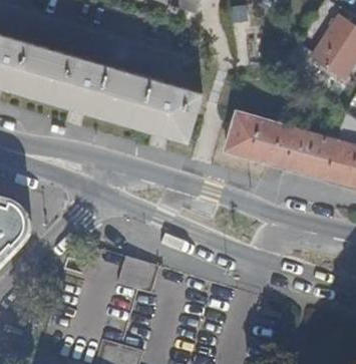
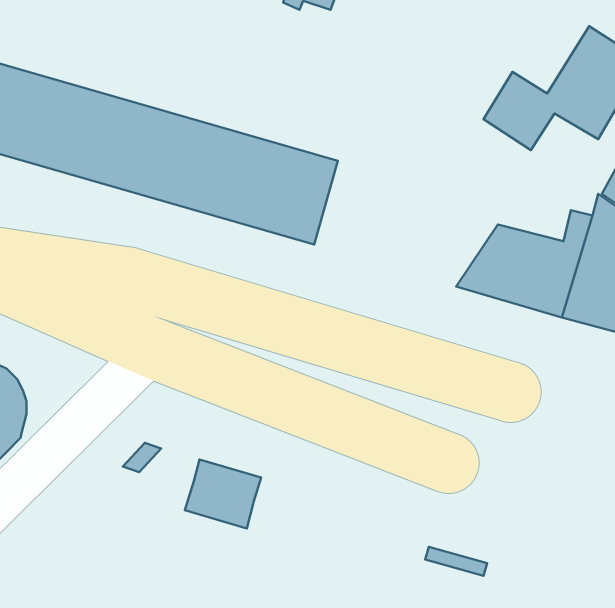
building: [224,111,288,160] -> none

